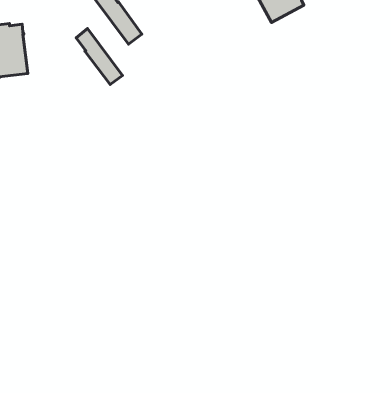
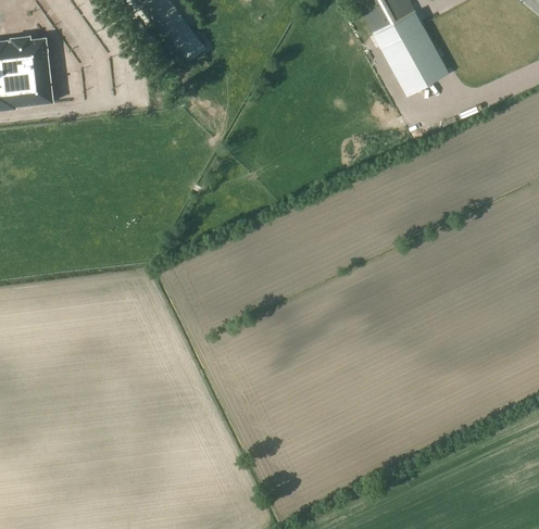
building: none -> [380,25,448,96]
building: [76,29,122,85] -> none

